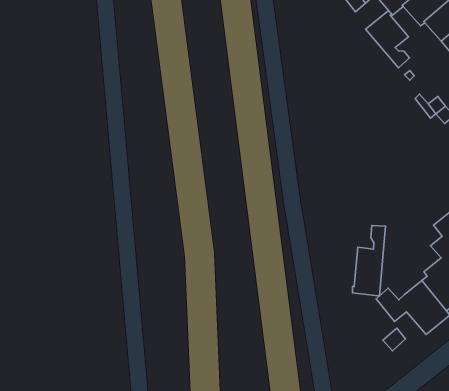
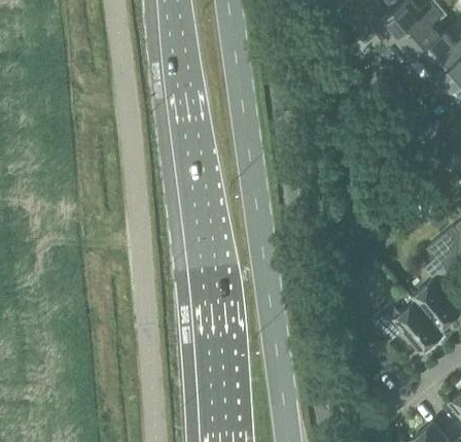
building: [366,11,409,68] -> none
building: [352,226,385,296] -> none

